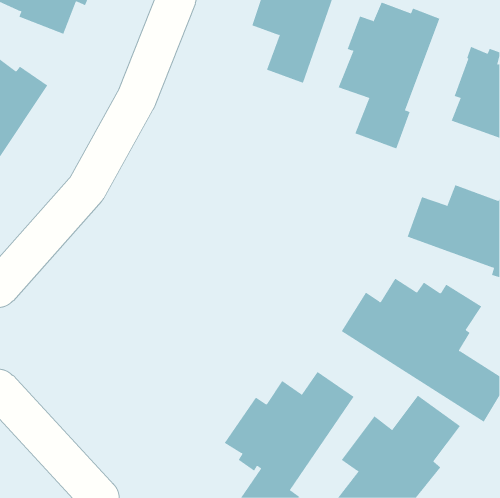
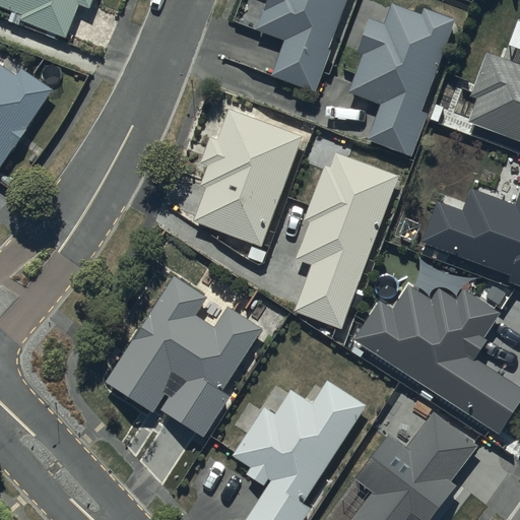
building: none -> [196,110,302,243]
building: none -> [295,149,398,327]
building: none -> [104,279,260,440]

